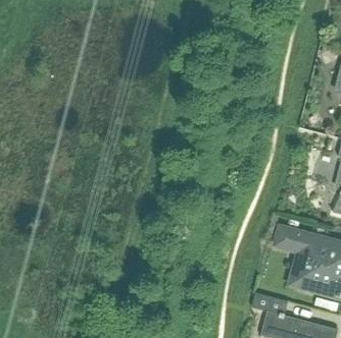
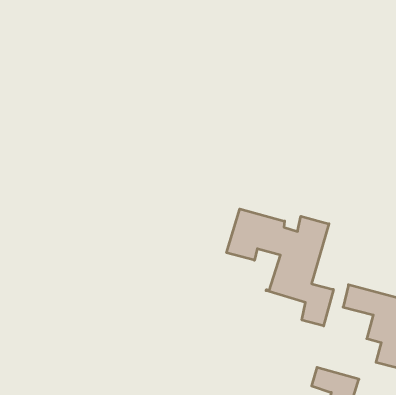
building: none -> [227,209,333,326]

